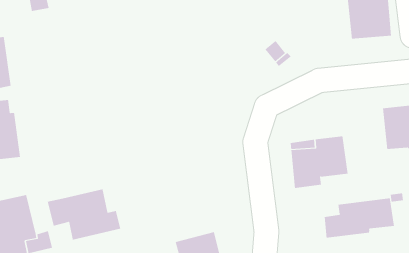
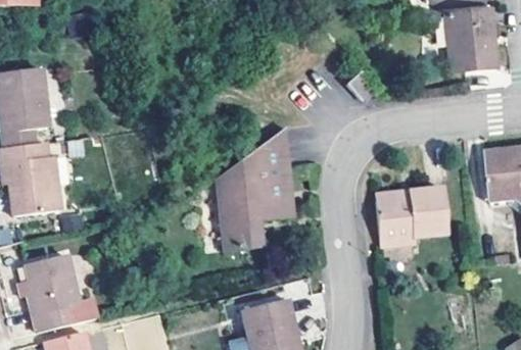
building: none -> [221,132,291,247]
building: [47,189,121,240] -> none
building: [324,198,395,238] -> none

